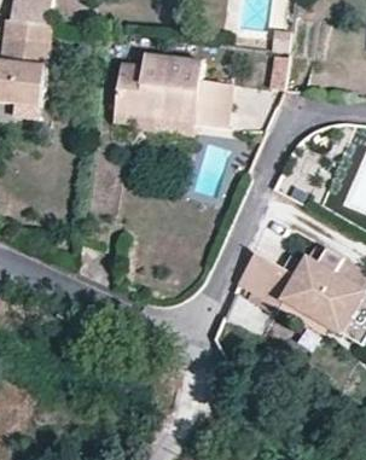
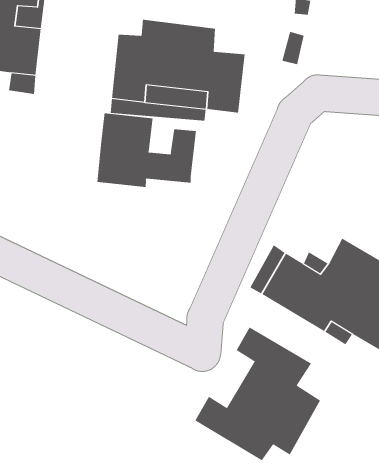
building: none -> [97,113,196,188]
building: none -> [194,326,321,461]

